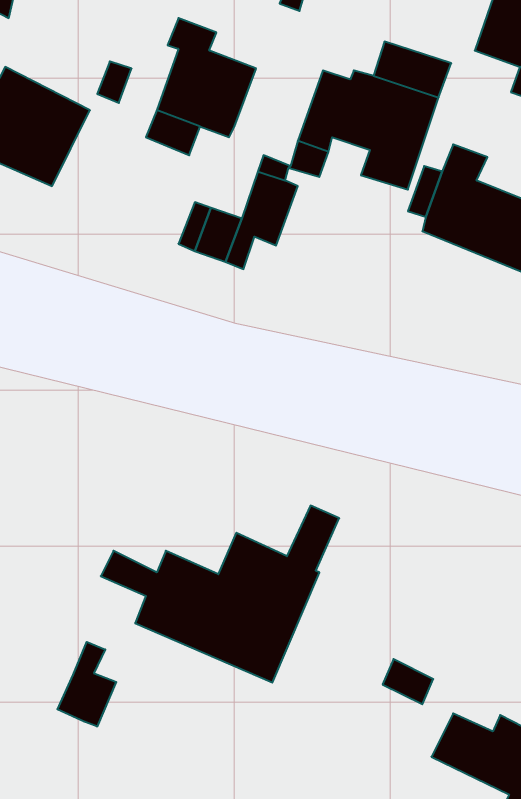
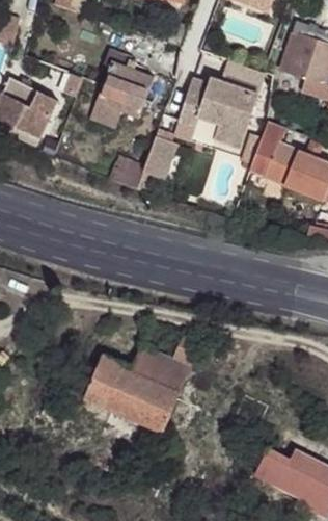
building: [57,642,116,727] -> none

